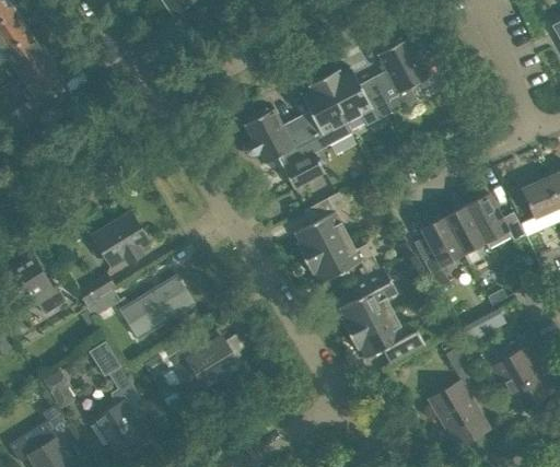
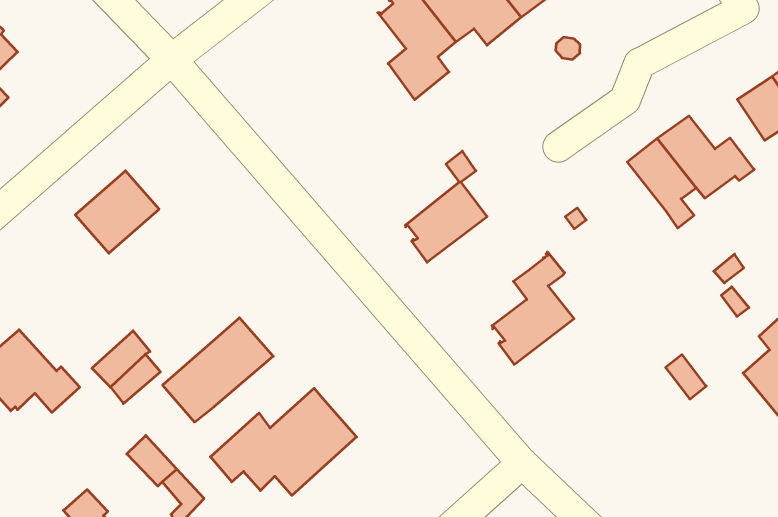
building: [244,107,325,189] -> none
building: [93,213,148,265] -> [75,171,159,253]
building: [421,217,464,290] -> none
building: [304,236,381,283] -> none
building: [349,312,425,359] -> none
building: [429,381,489,447] -> none

